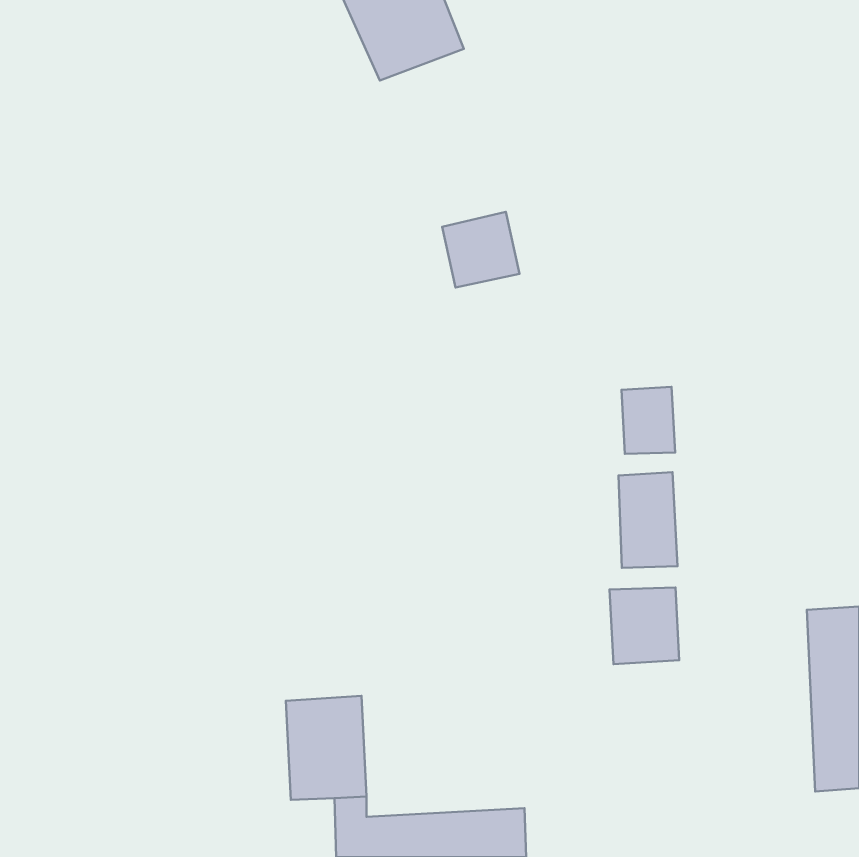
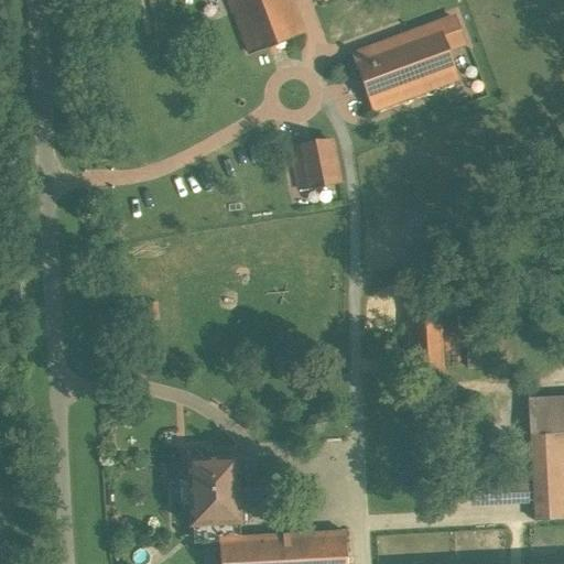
building: none -> [356,17,463,110]
building: [622,387,675,454] -> none
building: [610,587,679,664] -> none

